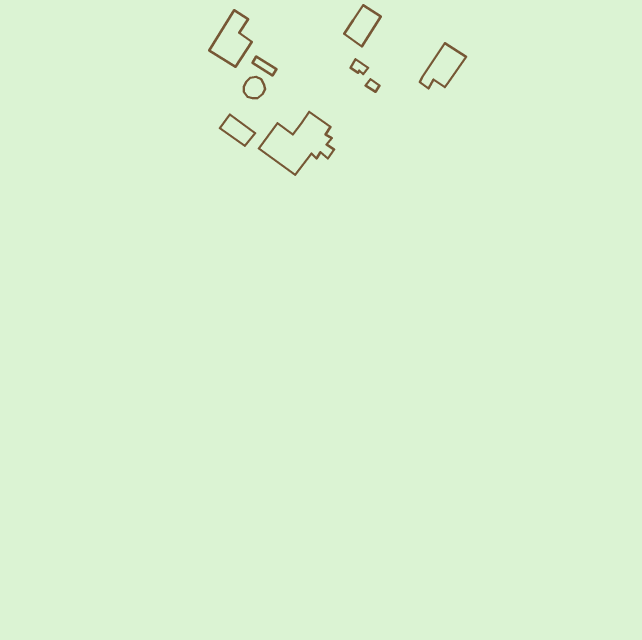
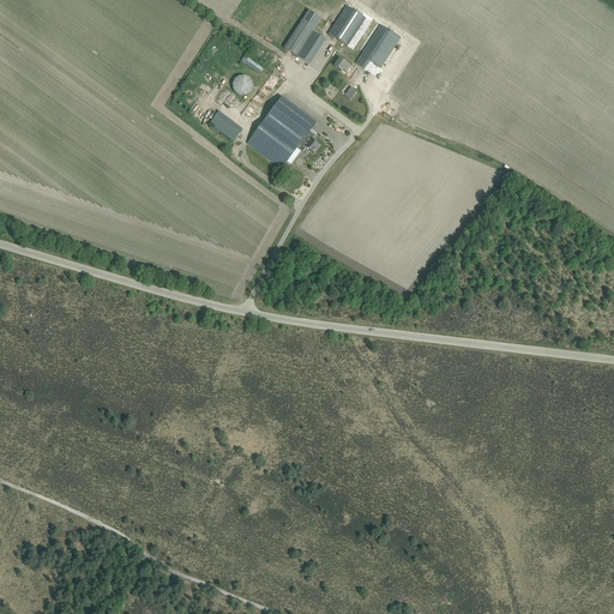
building: [209,10,252,67] -> [284,8,325,62]
building: [420,43,466,88] -> [356,24,401,67]

